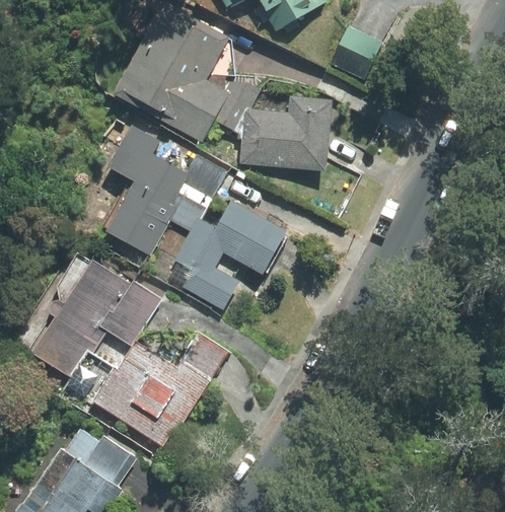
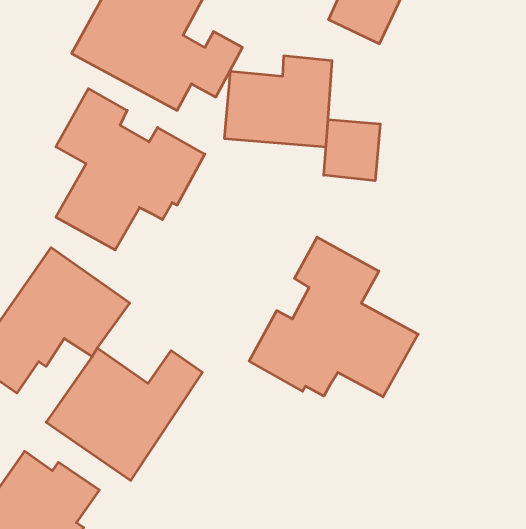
building: none -> [324,120,380,181]
building: [174,199,285,308] -> none
building: none -> [249,237,418,397]

